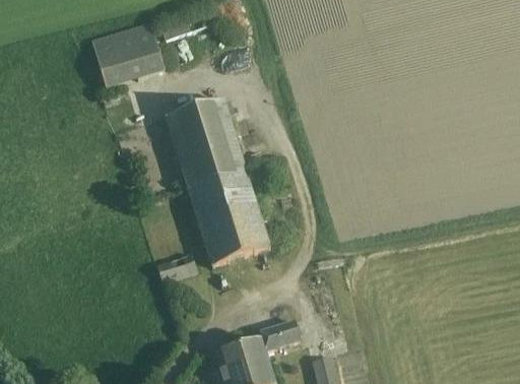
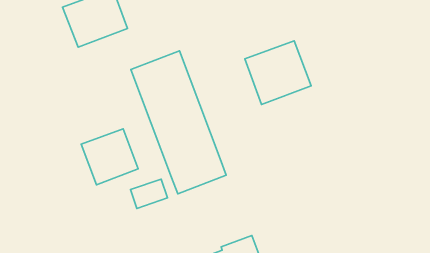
building: none -> [245,41,311,104]
building: none -> [81,129,138,185]

